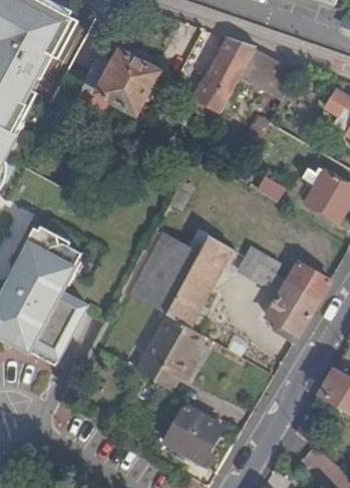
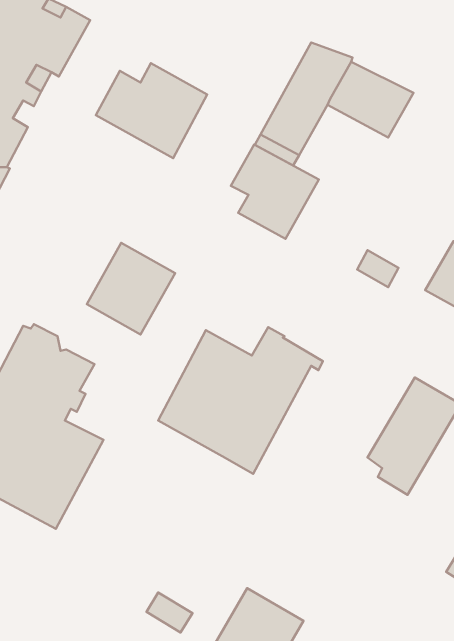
building: none -> [231,144,319,239]
building: none -> [87,243,175,335]
building: [237,247,278,287] -> none
building: [134,316,202,390] -> none

